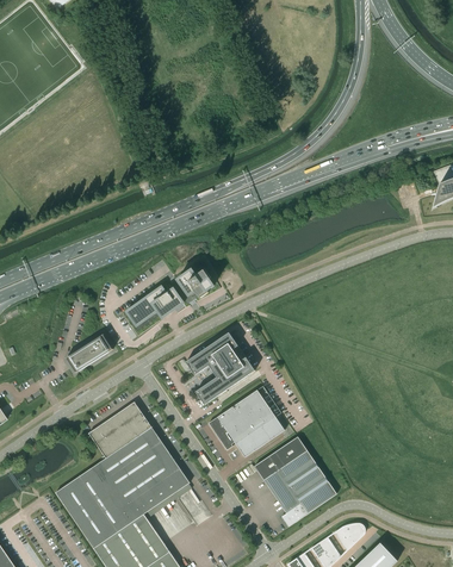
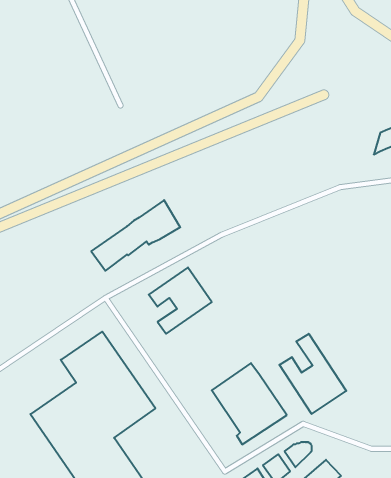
building: [64,334,112,373] -> none
building: [207,390,284,456] -> none
building: none -> [279,334,346,414]

